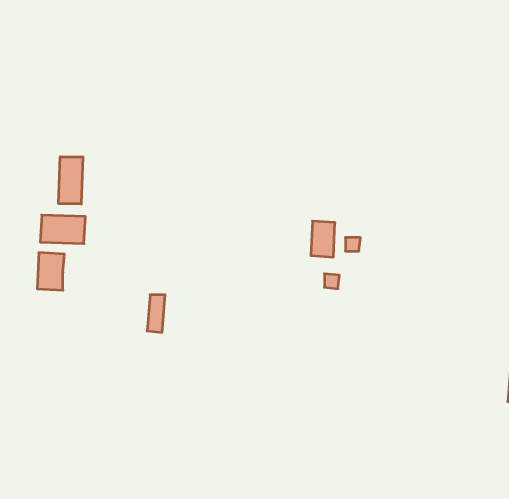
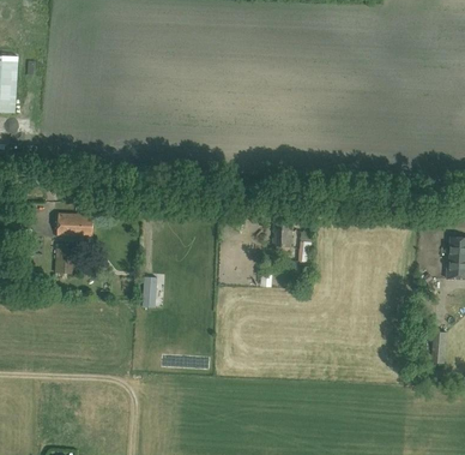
building: [59,157,83,204] -> none

